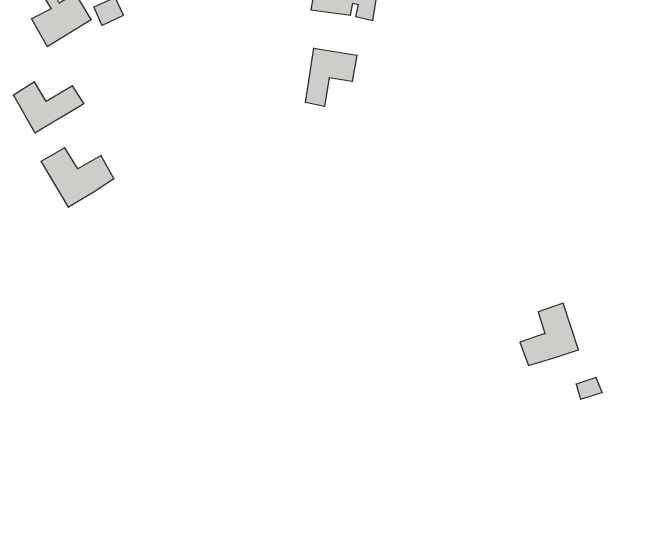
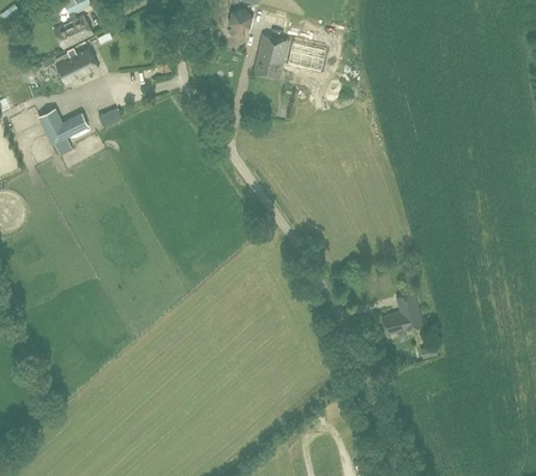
building: [306,48,357,107] -> none
building: [41,148,114,207] -> none

